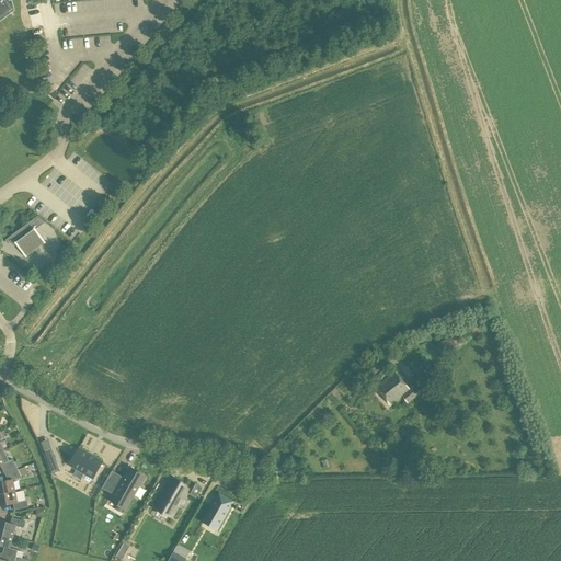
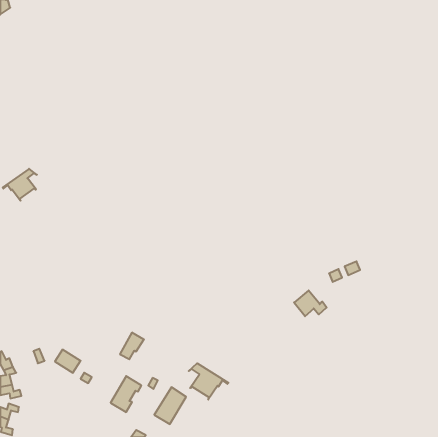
building: none -> [189,363,228,400]
building: [113,468,144,502] -> [120,333,144,359]

